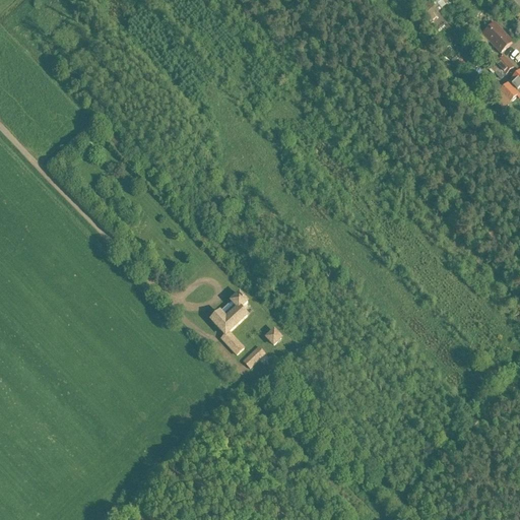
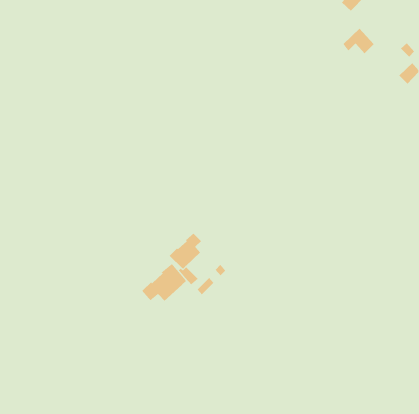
building: [473,18,513,51] -> [342,28,374,54]
building: none -> [141,263,187,301]

